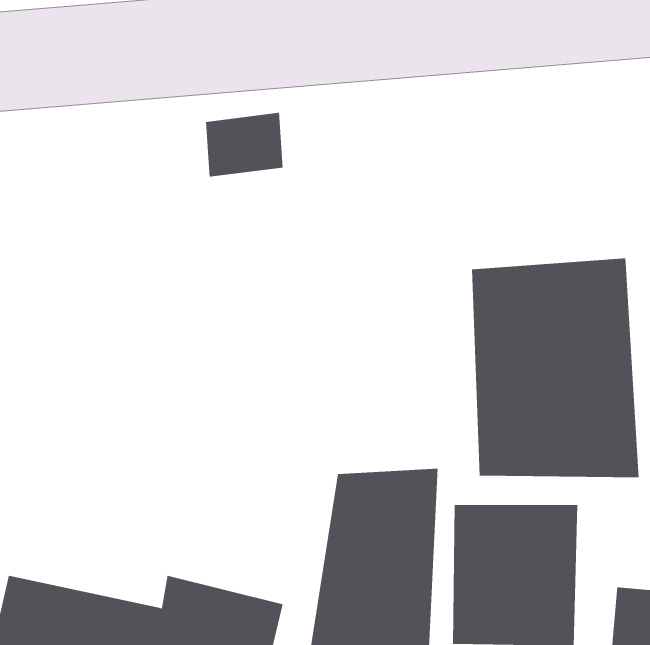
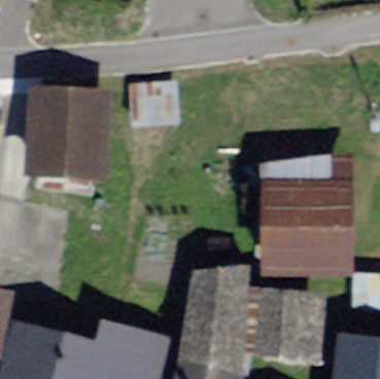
building: none -> [28,91,100,190]

